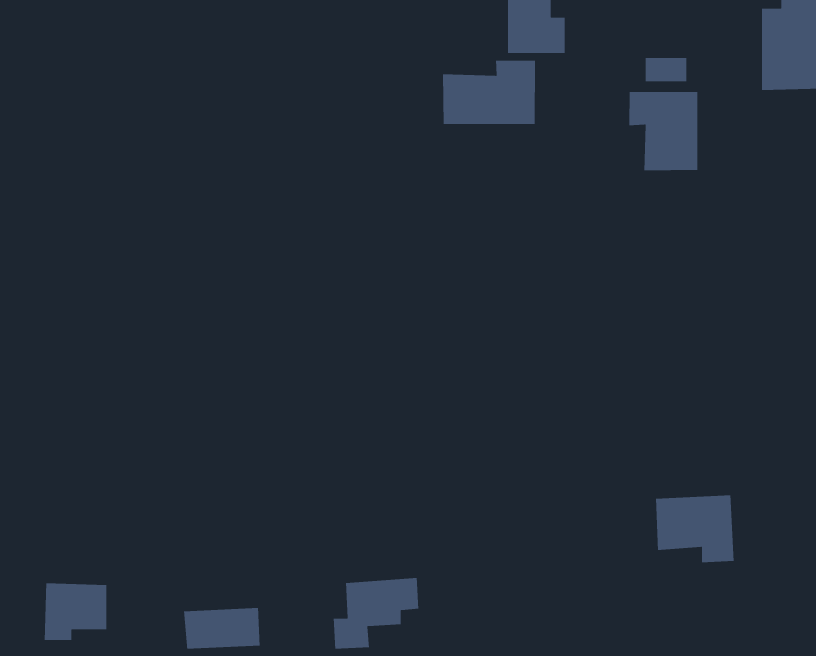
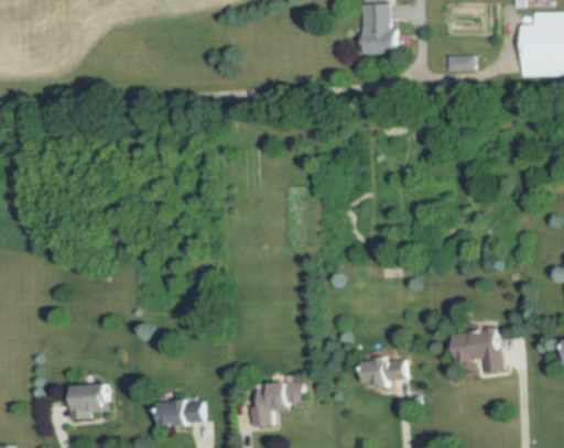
building: [442,60,536,125] -> none
building: [629,91,698,171] -> none
building: none -> [369,357,405,383]

